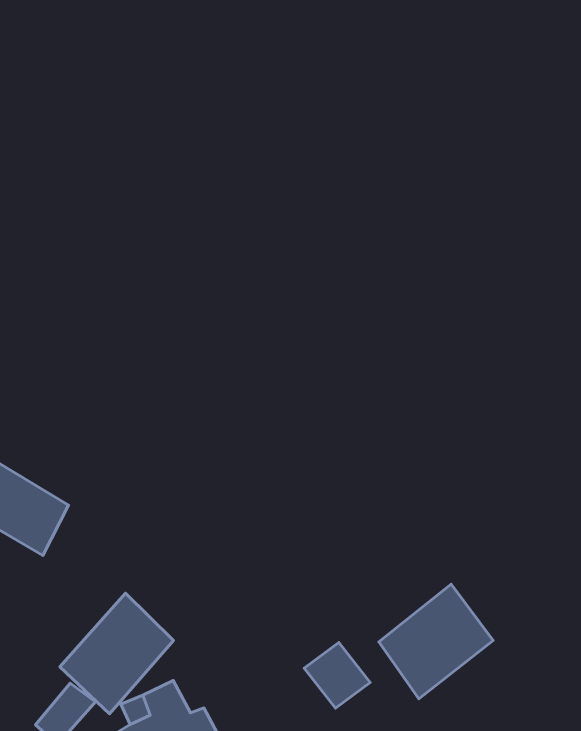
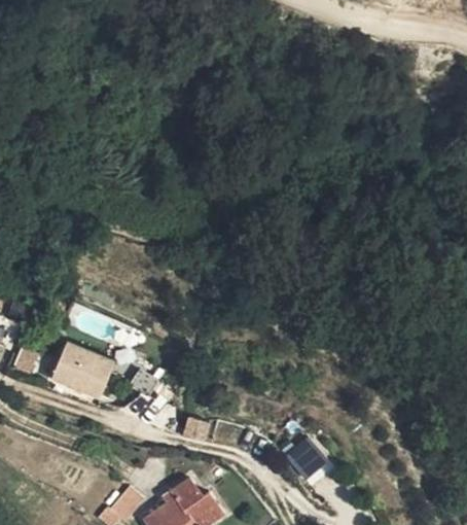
building: [379,584,493,699] -> none
building: [60,593,173,714] -> none

